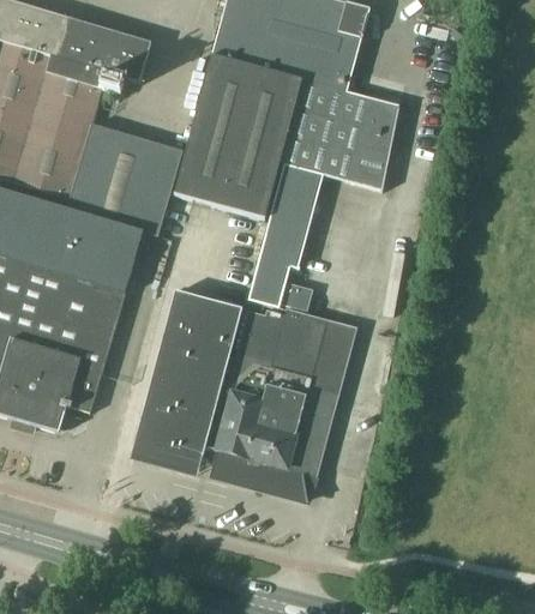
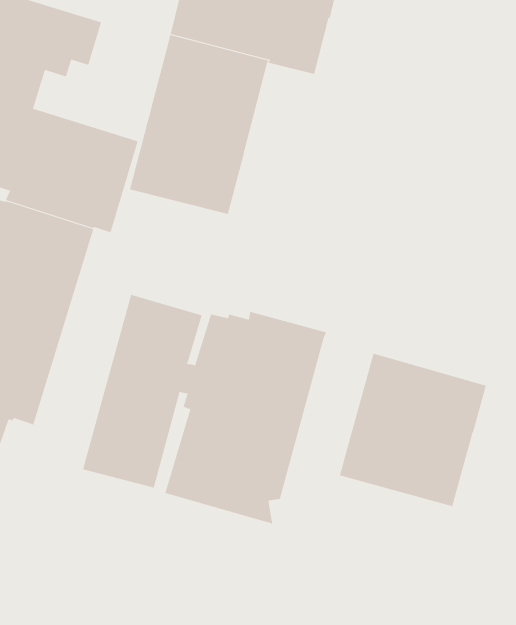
building: [246,79,397,311] -> none
building: none -> [339,353,486,507]

